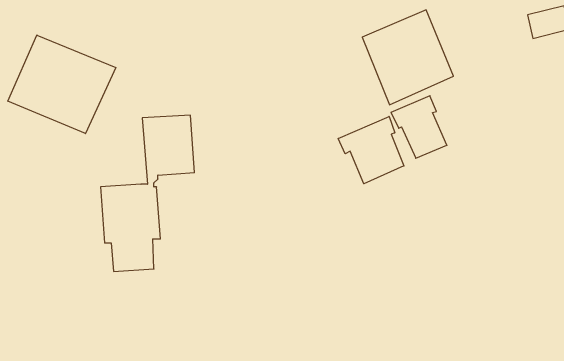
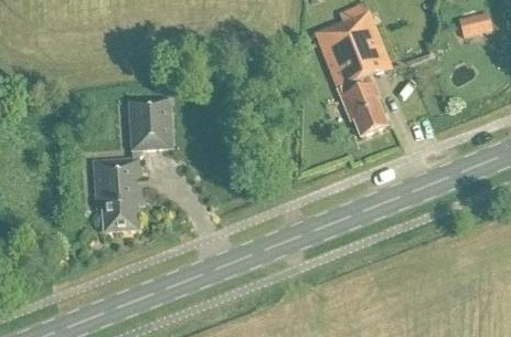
building: [8,35,116,134] -> none
building: [338,116,404,184] -> none

